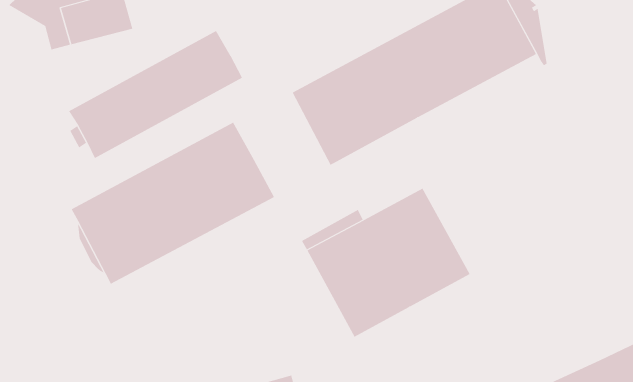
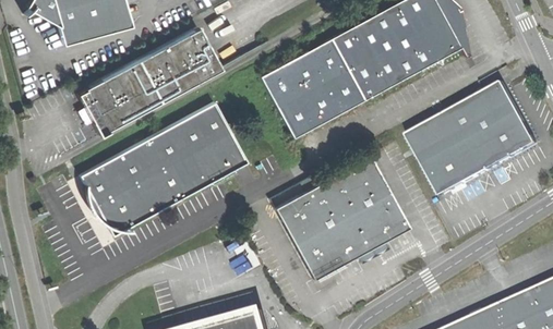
building: none -> [407,81,536,194]

